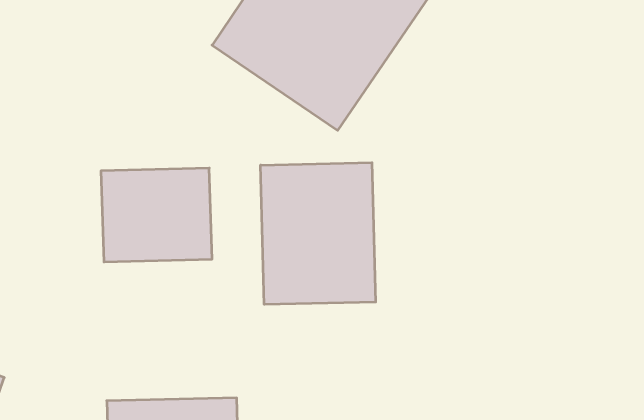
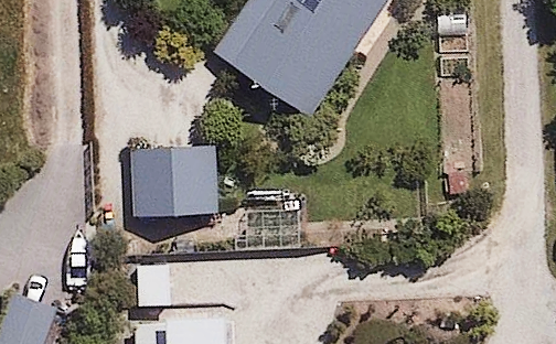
building: [261,163,376,304] -> none

